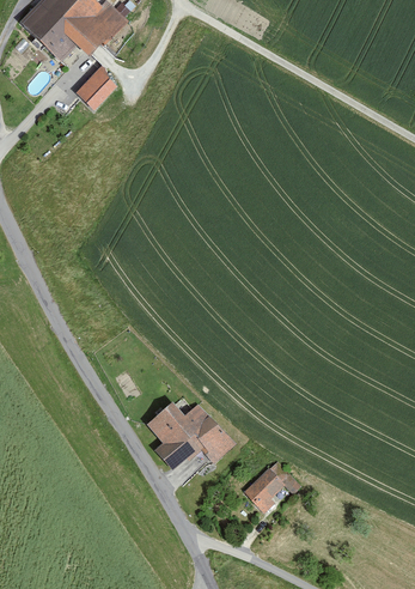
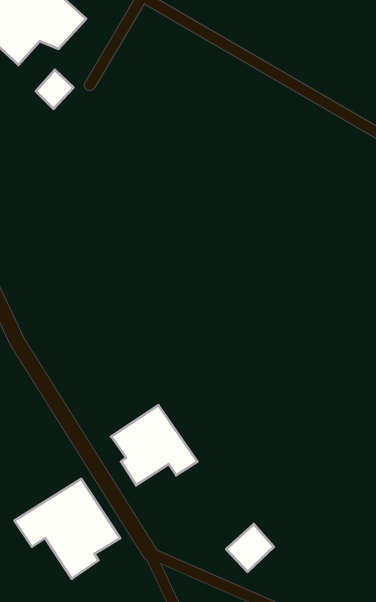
building: none -> [15,479,120,579]
building: [243,467,288,512] -> [226,524,274,572]

